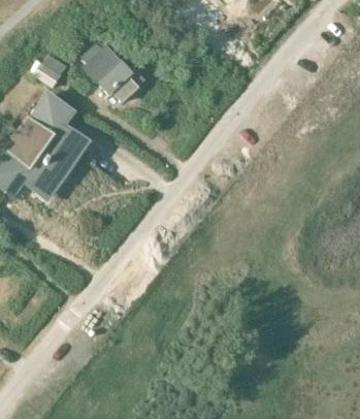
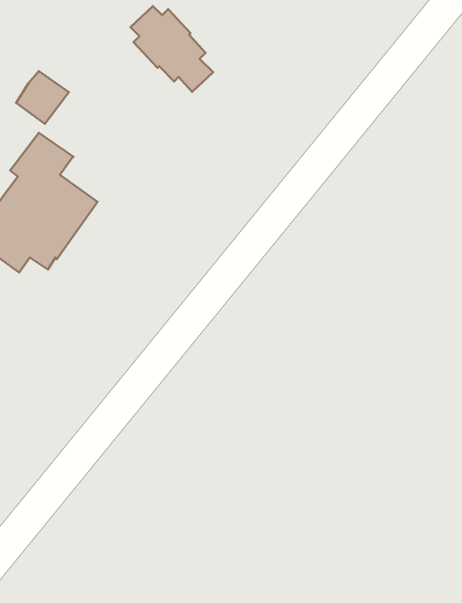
building: [79,43,136,102] -> [130,6,213,92]

